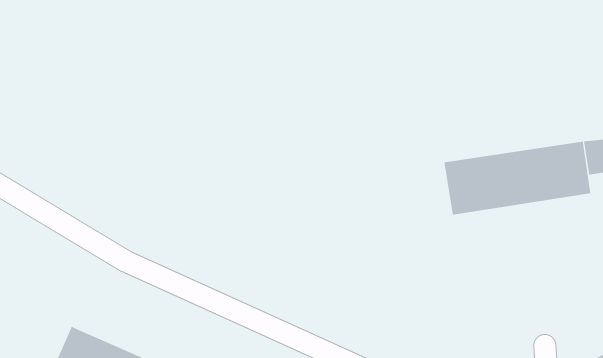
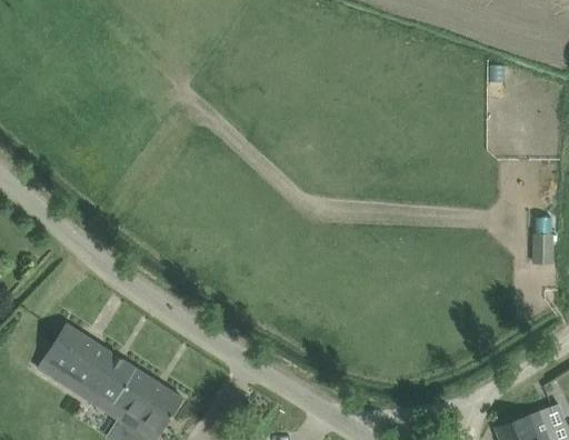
building: [444,141,591,216] -> none

